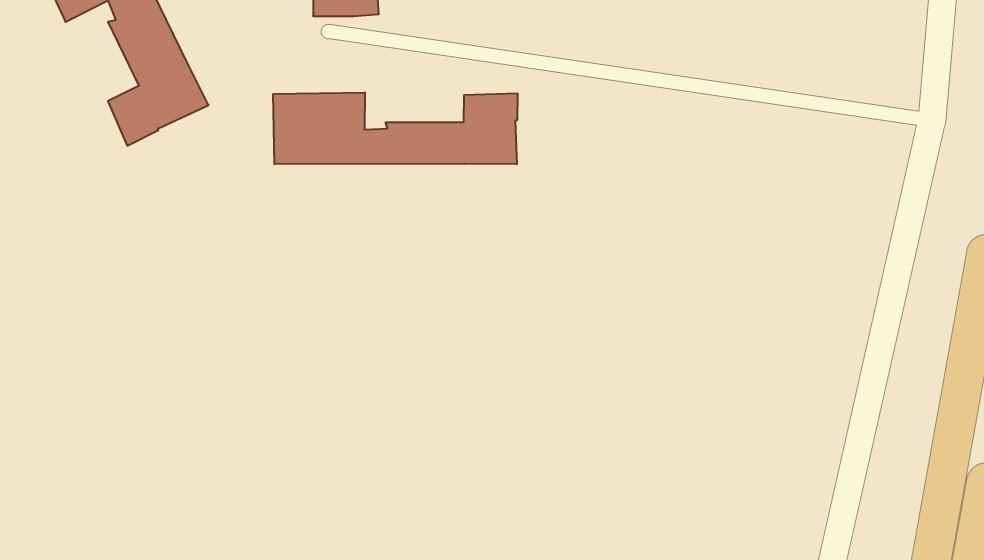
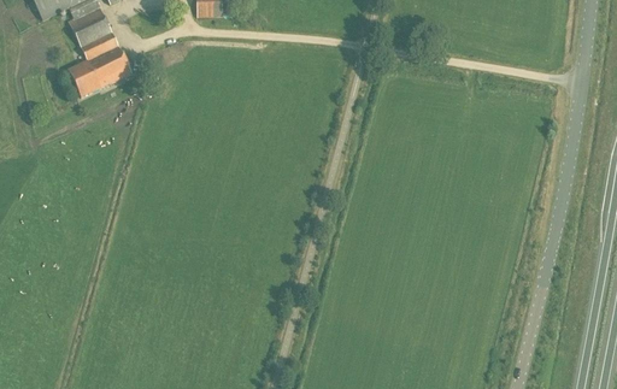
building: [273,92,517,164] -> none

